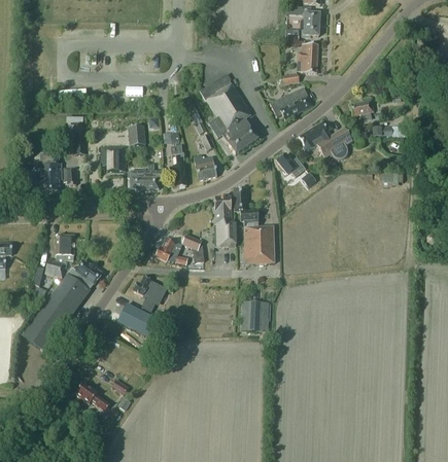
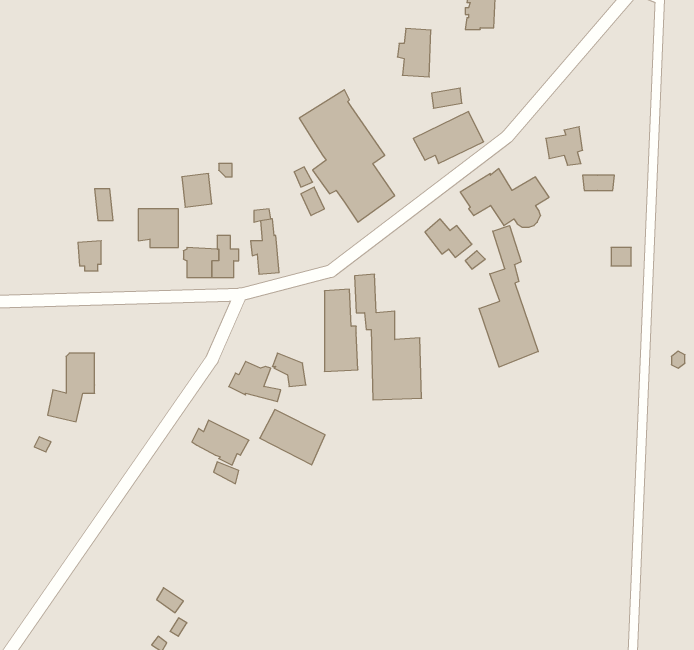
building: [297,42,317,72] -> [397,28,431,77]
building: [33,152,61,190] -> none
building: [193,154,216,179] -> none
building: none -> [479,226,538,367]
building: [23,259,102,350] -> none
building: [247,300,268,331] -> none
building: [116,303,157,336] -> [260,410,325,465]
building: [74,382,109,411] -> none

